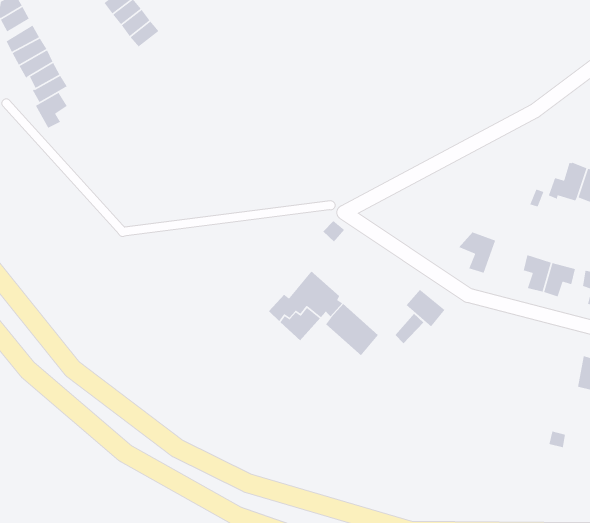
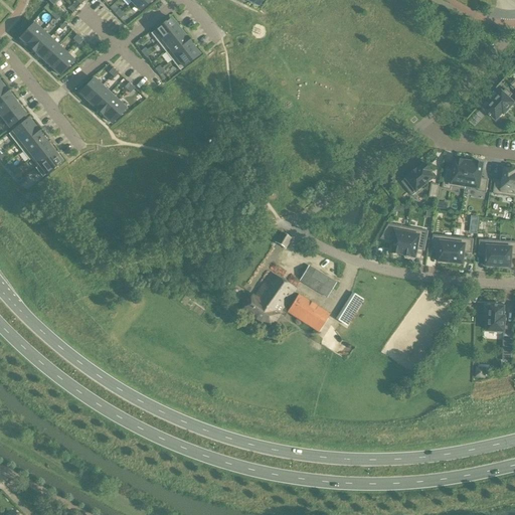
building: [35,92,68,129] -> none
building: none -> [402,162,435,193]
building: none -> [403,226,427,255]
building: [406,289,446,327] -> [305,268,336,296]

